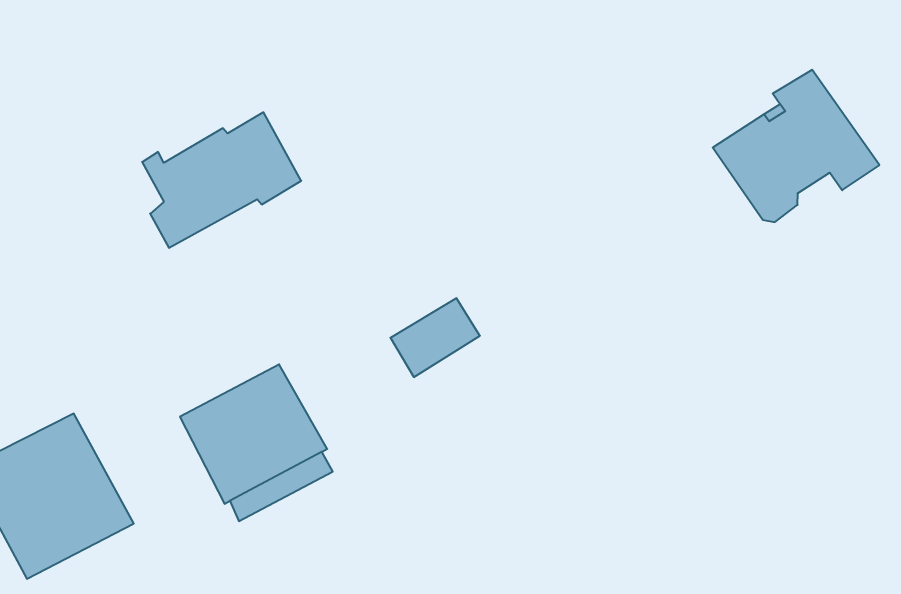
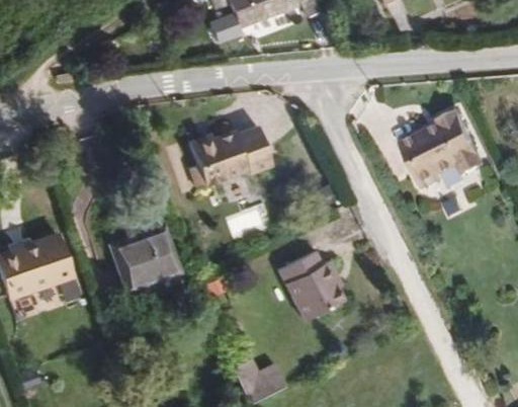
building: [142,112,301,248] -> [191,128,272,190]
building: none -> [280,253,345,321]

